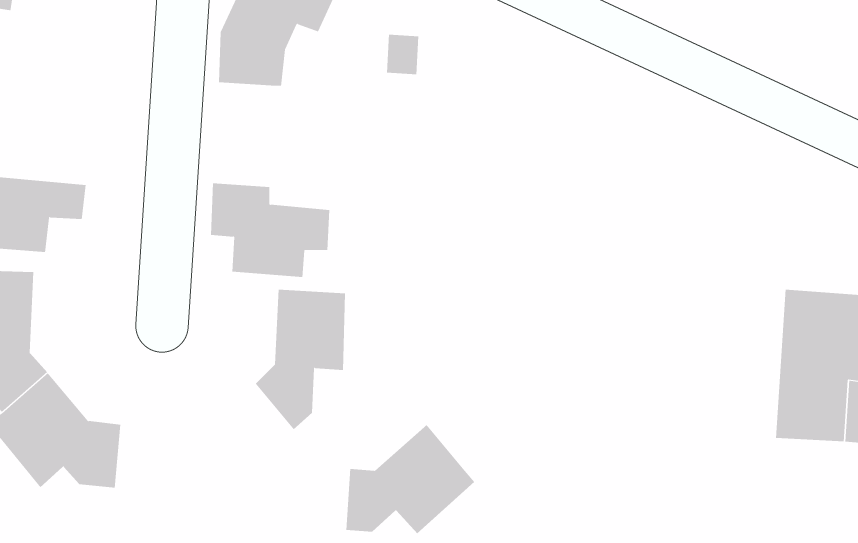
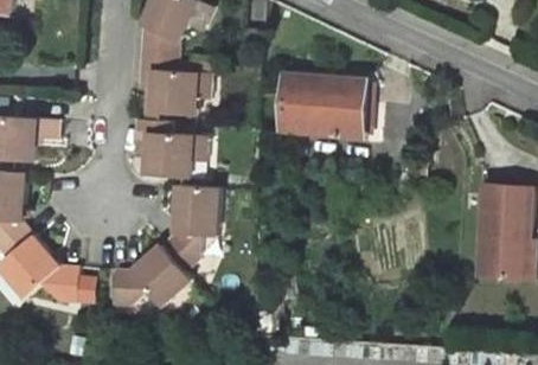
building: none -> [135,57,211,114]
building: none -> [281,81,366,135]
building: [346,424,475,534] -> [110,242,190,309]

